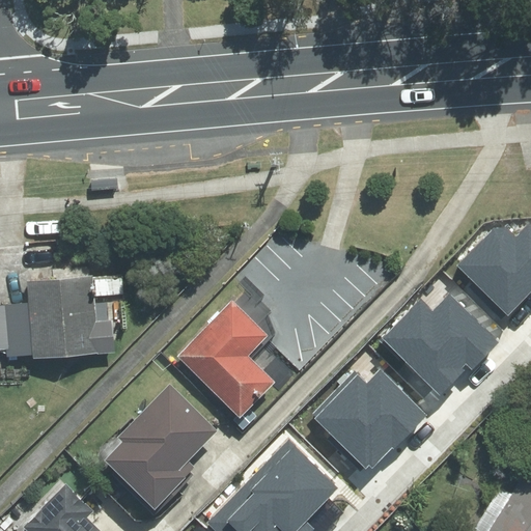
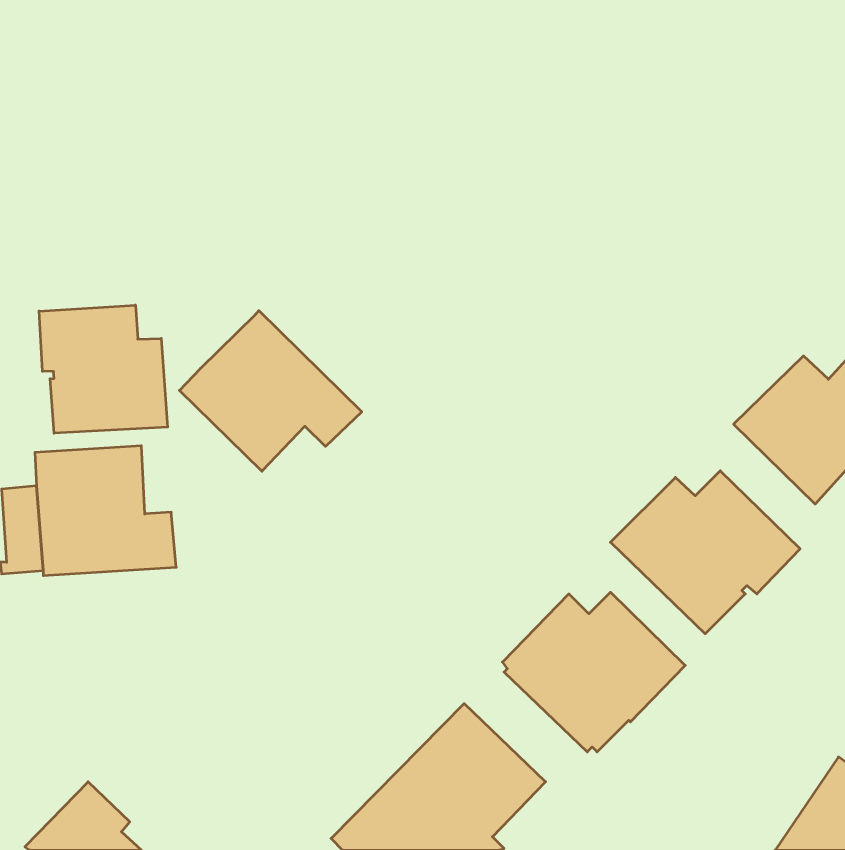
building: none -> [39,305,168,433]
building: none -> [179,311,362,471]
building: [174,302,270,418] -> none
building: [96,386,212,511] -> none

